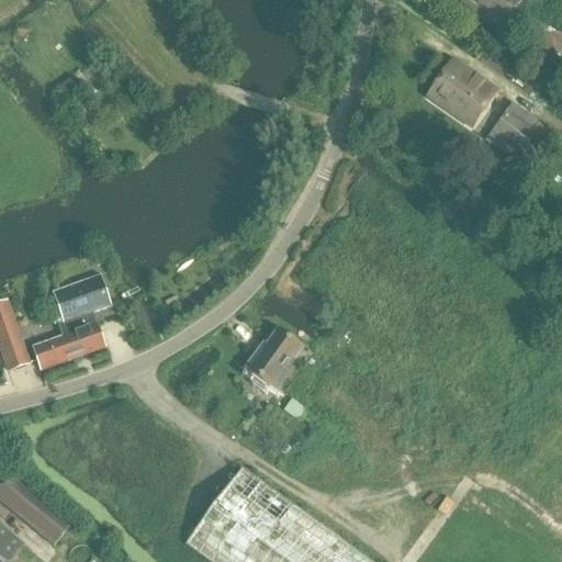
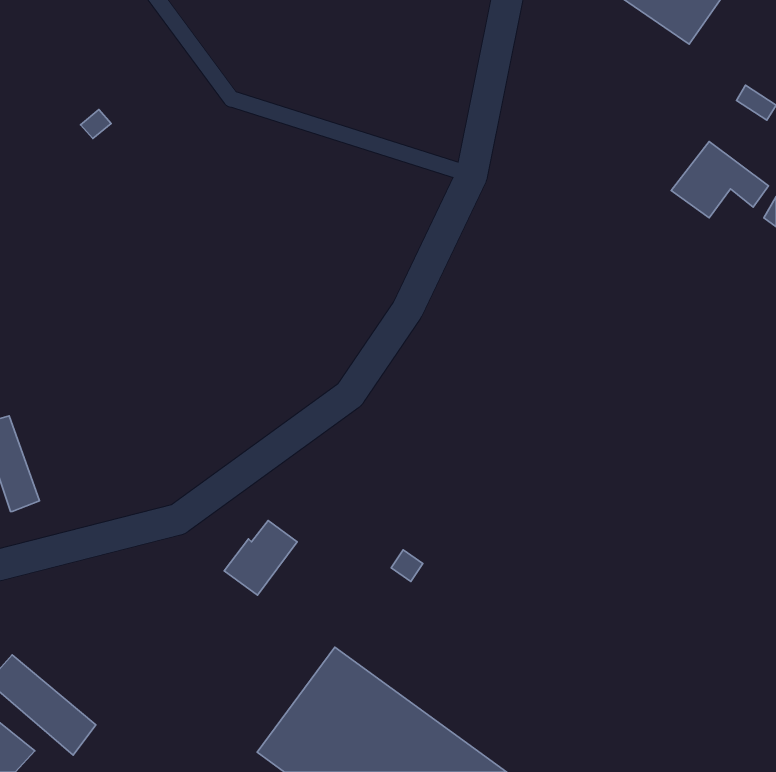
building: [425,57,496,125] -> none
building: [31,273,110,370] -> none
building: [246,329,299,383] -> [224,520,297,595]

